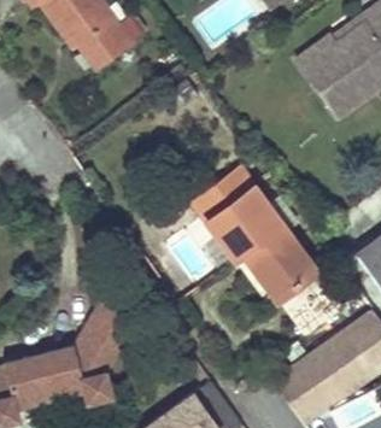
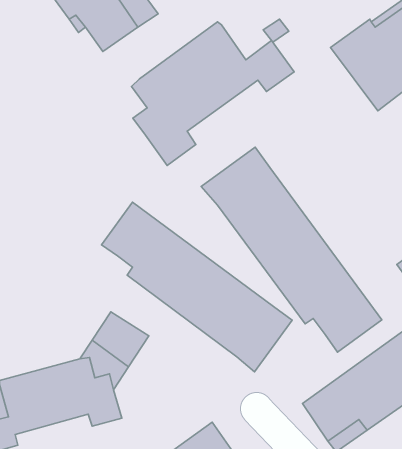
building: none -> [132,22,294,165]
building: none -> [101,202,292,372]

